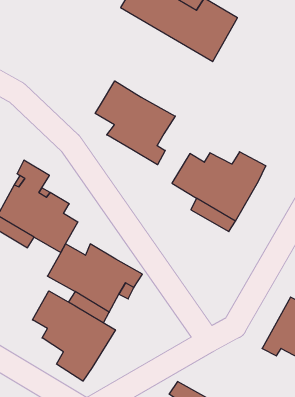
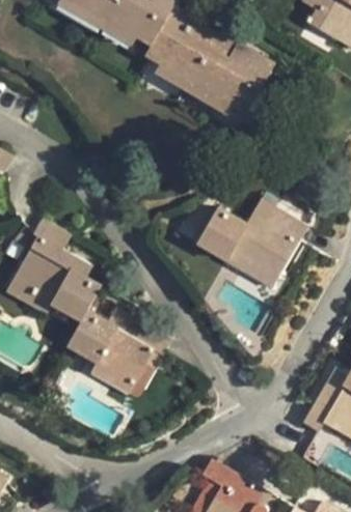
building: [95,81,175,165] -> none
building: [32,291,115,381] -> none

